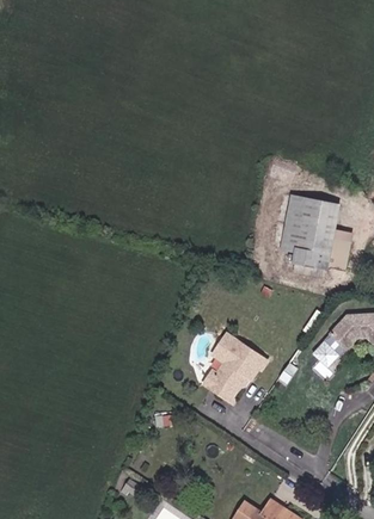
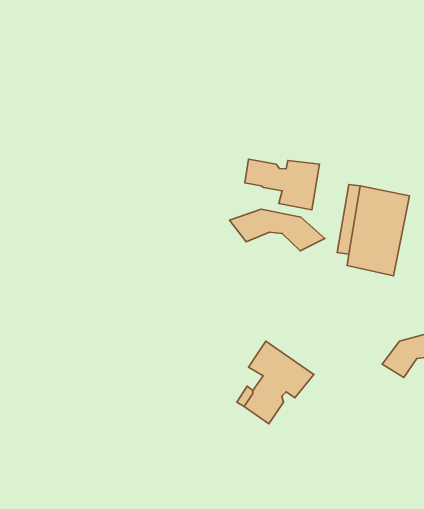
building: none -> [245,159,320,210]
building: none -> [229,209,325,251]

